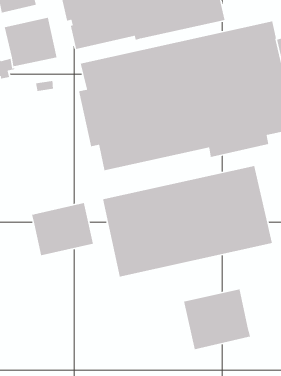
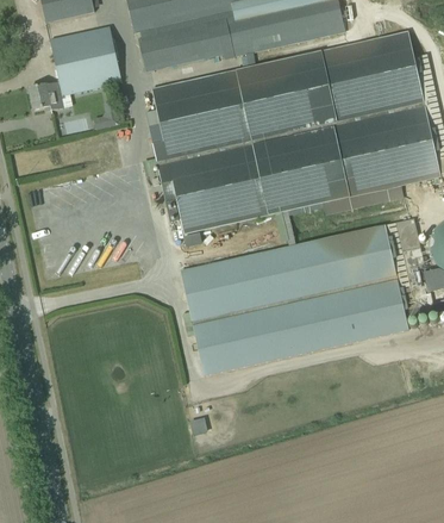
building: [31,202,94,256] -> none
building: [183,289,251,350] -> none

